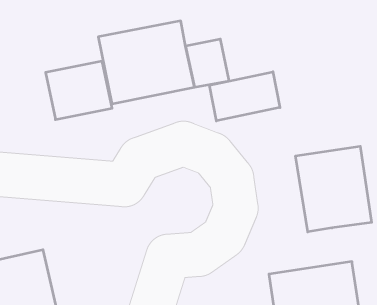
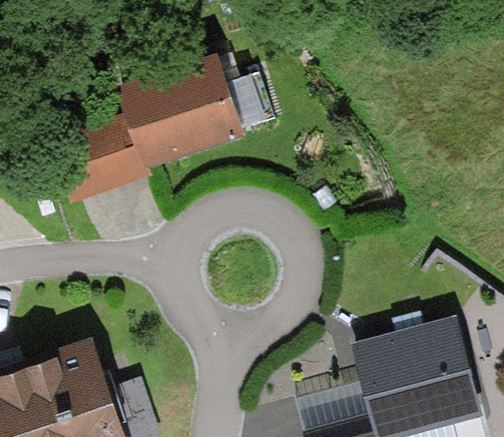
building: [209,72,280,121] -> none
building: [296,146,372,232] -> none

